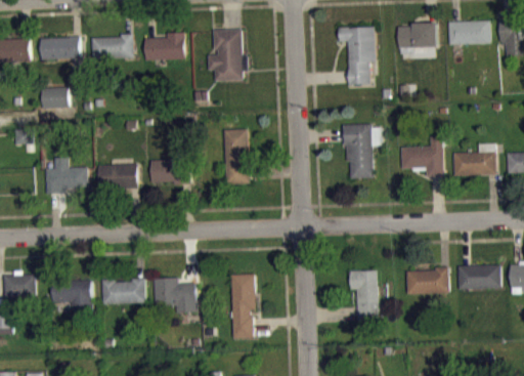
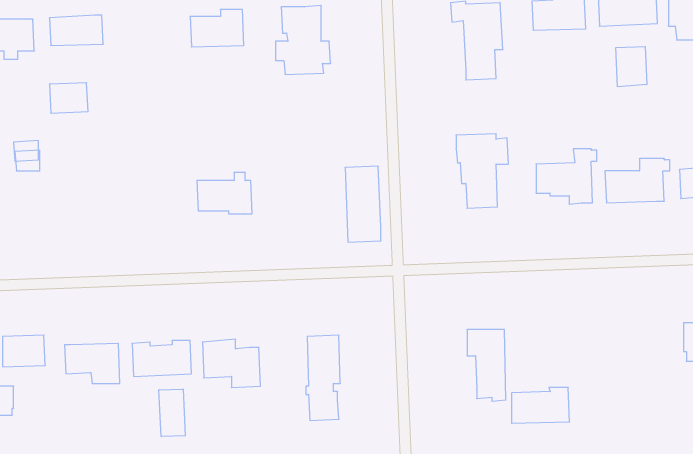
building: [90,33,133,58] -> none
building: none -> [616,47,647,87]
building: [224,128,251,184] -> [345,166,381,242]
building: [45,157,88,194] -> none
building: [97,163,138,189] -> none
building: [458,264,501,288] -> none
building: [407,266,450,293] -> [512,387,570,423]
building: none -> [159,389,185,437]

